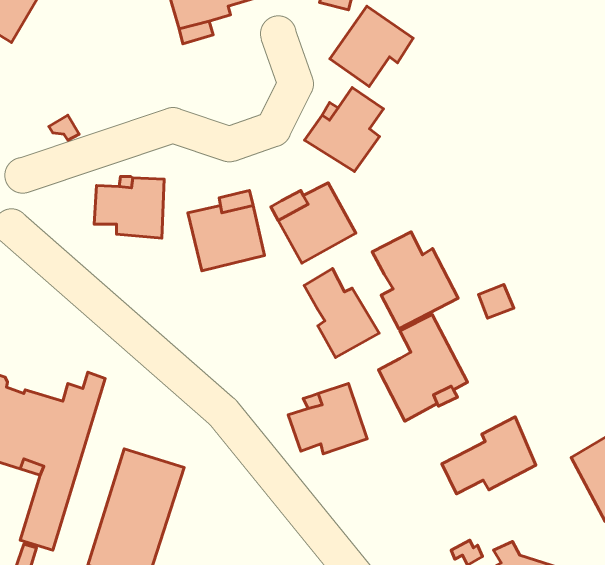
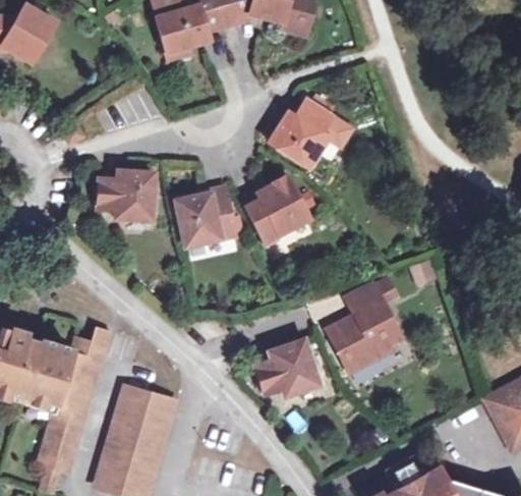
building: [330,6,413,86] -> none
building: [372,232,458,329] -> none
building: [304,269,379,358] -> none
building: [442,417,536,494] -> none

